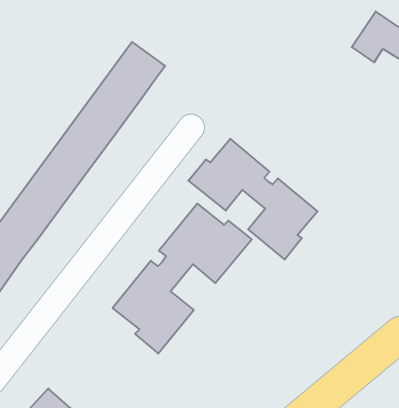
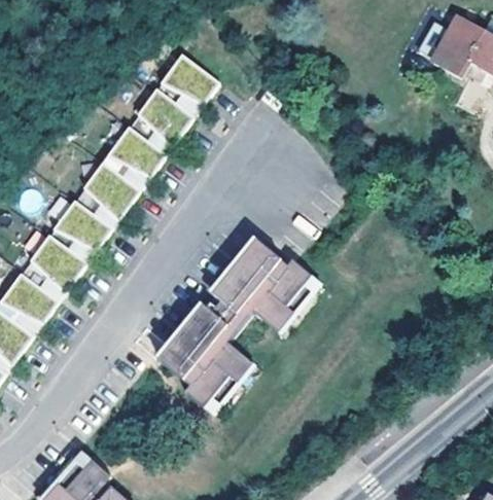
building: [188,139,317,260] -> none

